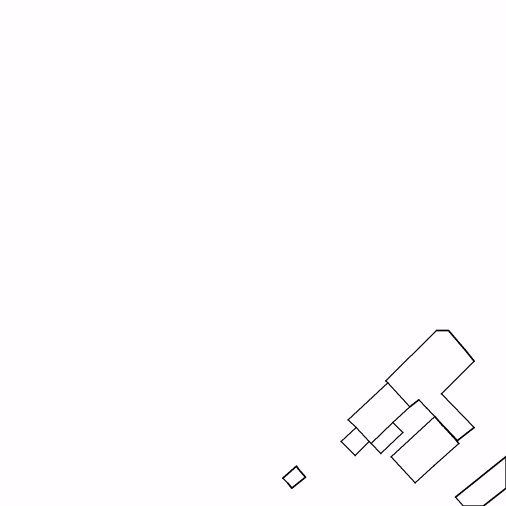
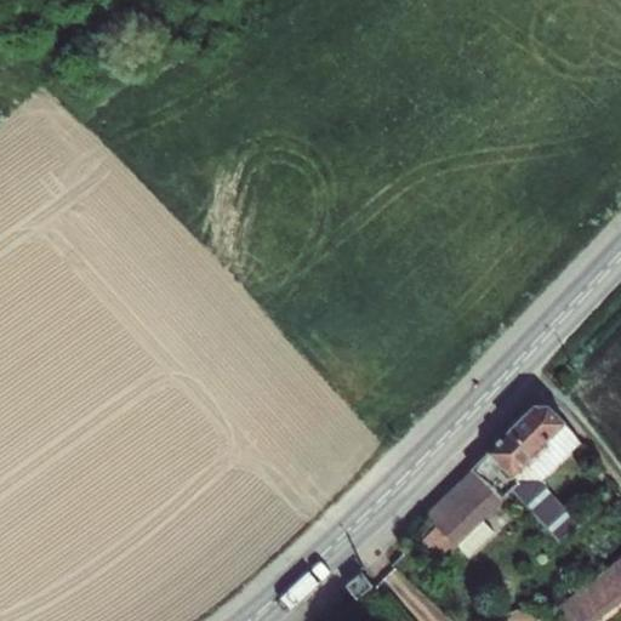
building: [391,417,459,483] -> none

